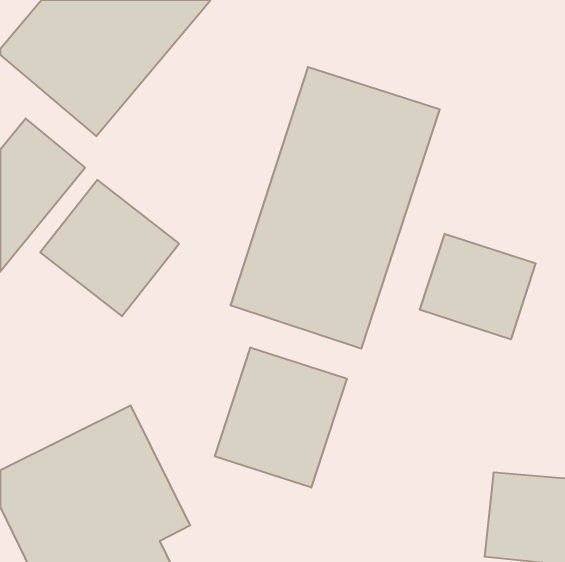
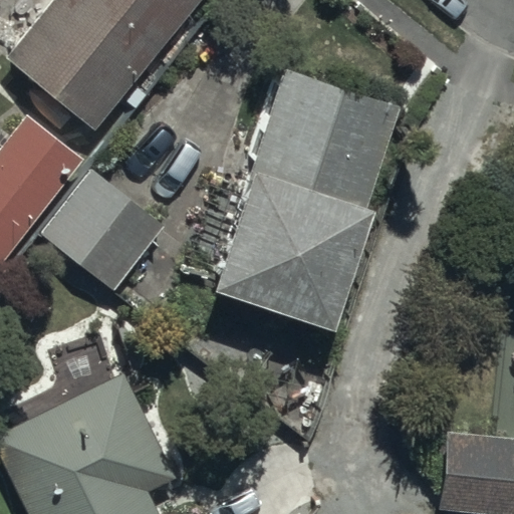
building: [420,234,536,339] -> none
building: [215,347,347,488] -> none

